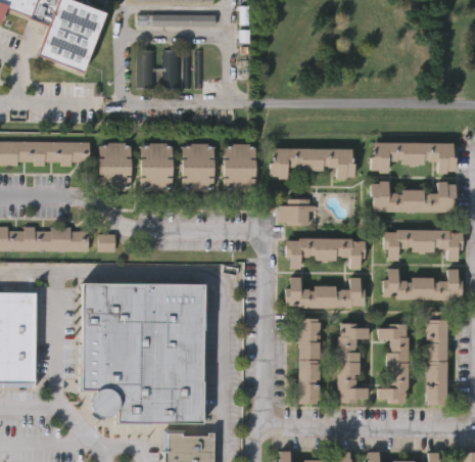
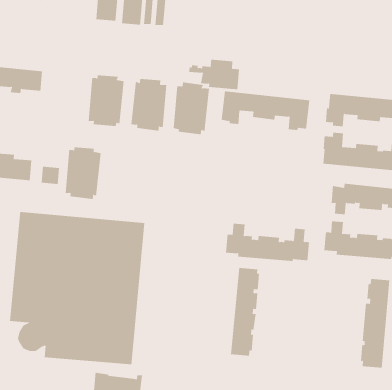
building: [99,141,132,191] -> [65,147,102,200]
building: [268,197,318,225] -> [189,59,240,90]
building: [286,238,366,270] -> none
building: [337,323,370,404] -> none
building: [378,324,411,405] -> none

